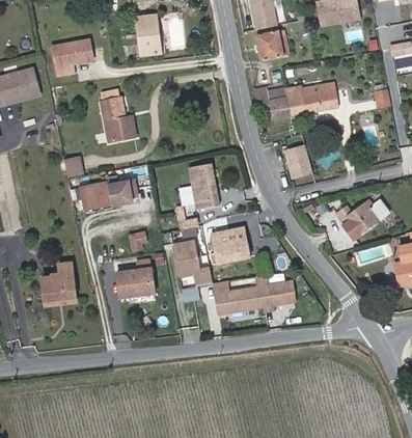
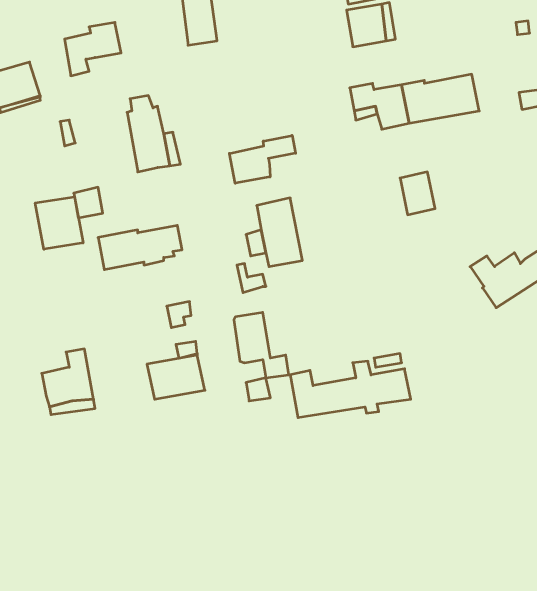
building: none -> [229,135,296,183]
building: none -> [35,197,83,249]
building: [210,227,247,264] -> none

